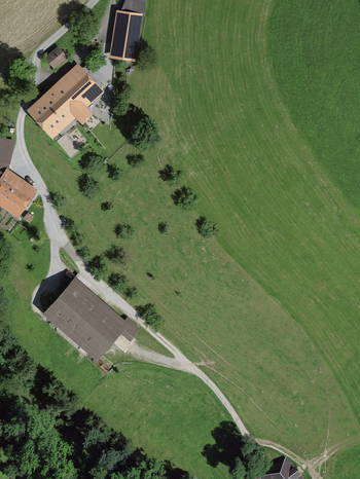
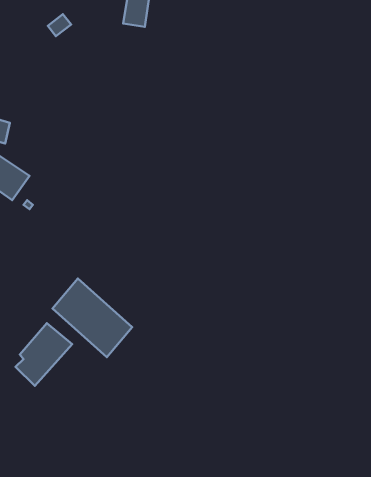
building: [34,69,100,130] -> none
building: none -> [16,323,72,386]

